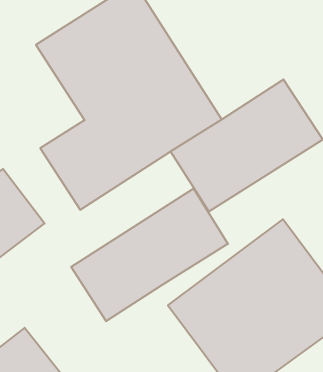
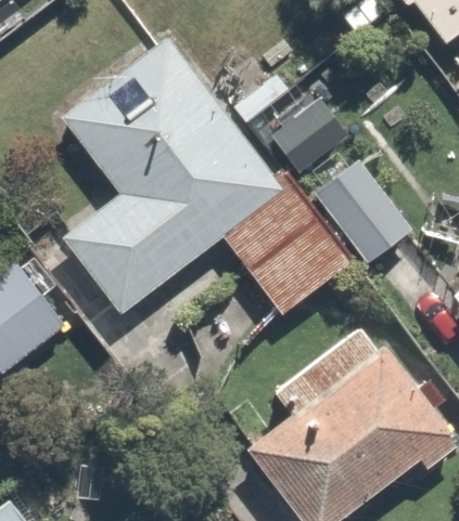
building: [71,189,228,321] -> none

